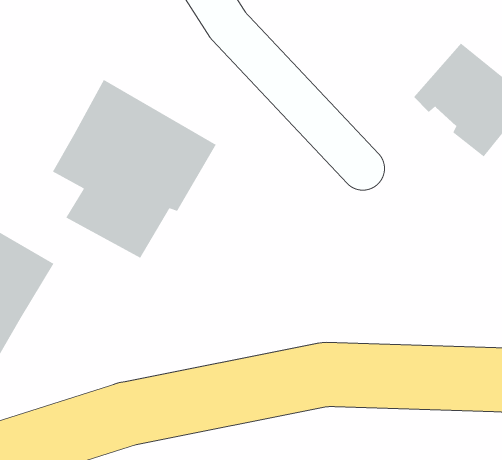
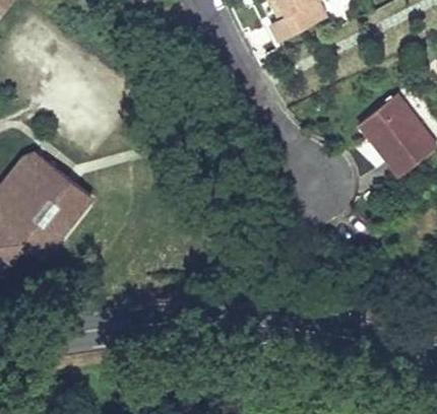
building: [52,79,217,259] -> none

